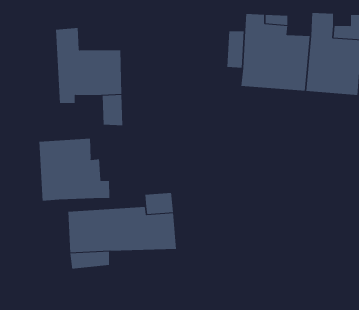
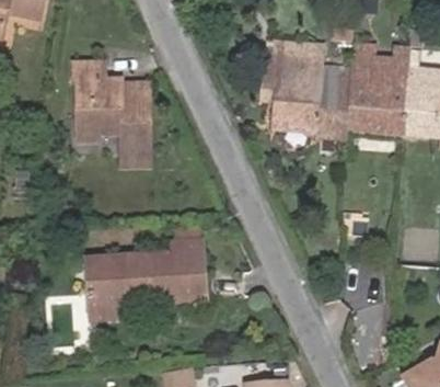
building: [39,138,110,202] -> none

